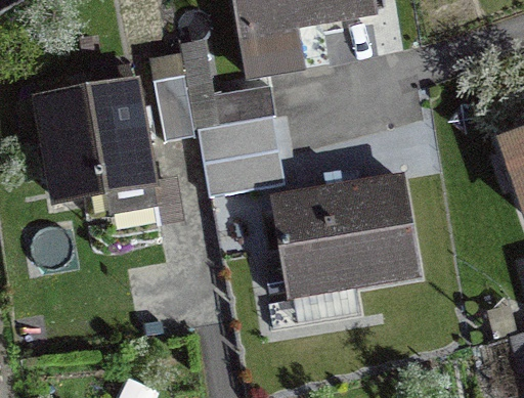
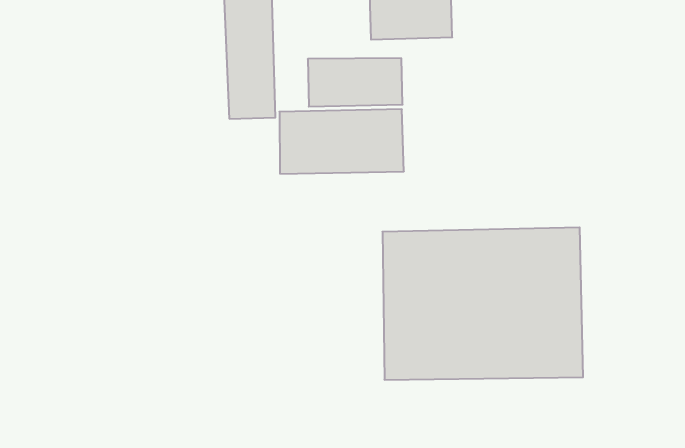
building: [41,86,156,213] -> none

